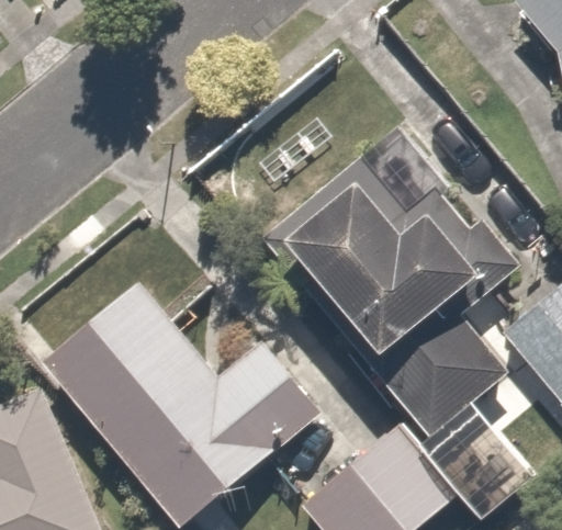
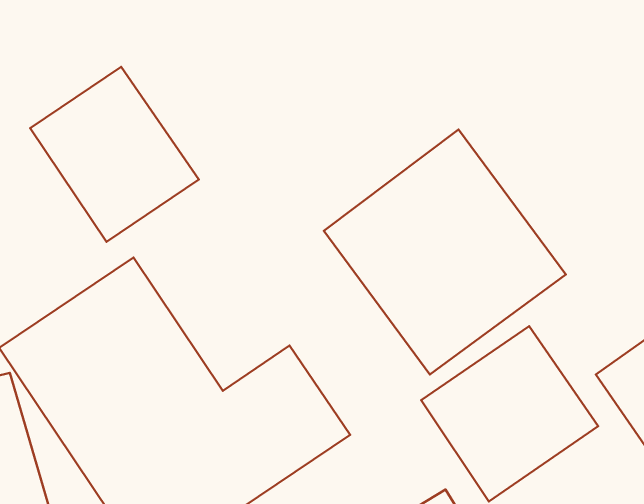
building: none -> [30,67,199,242]

